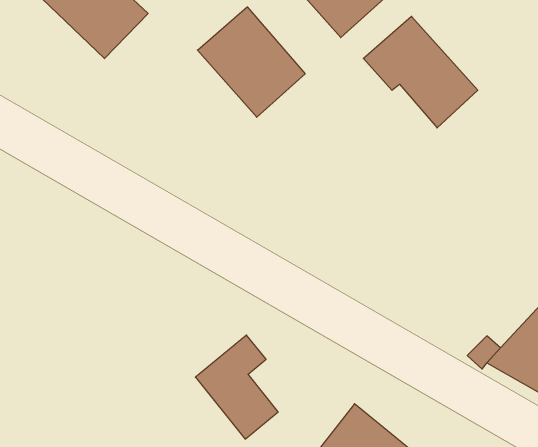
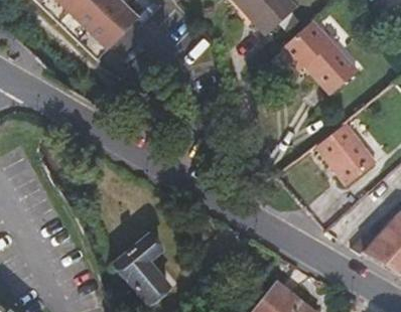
building: [197,7,305,117] -> none
building: none -> [315,124,377,186]
building: [195,335,278,439] -> [114,235,169,304]

